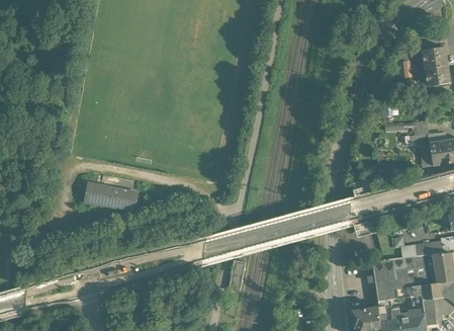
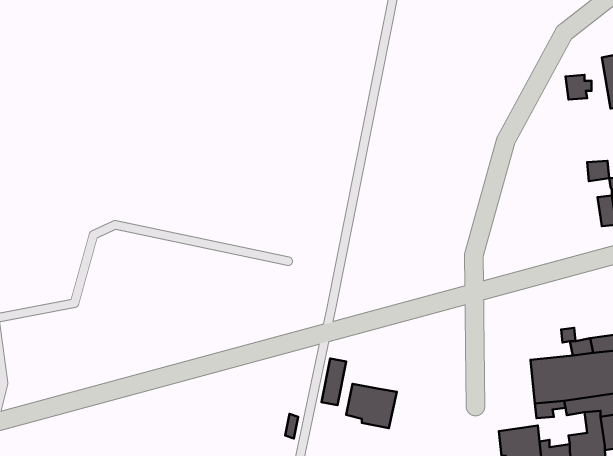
building: [84,181,141,213] -> none
building: none -> [346,384,397,428]

